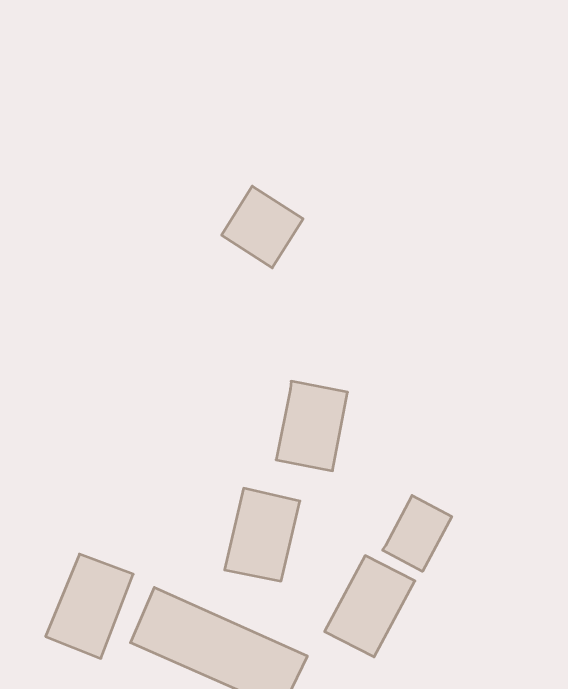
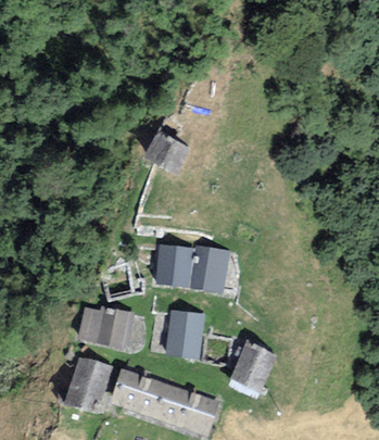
building: none -> [157,244,193,289]
building: none -> [79,304,132,348]
building: [383,495,452,571] -> none

